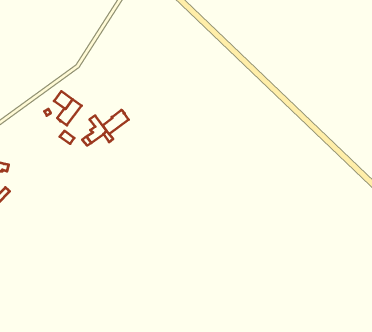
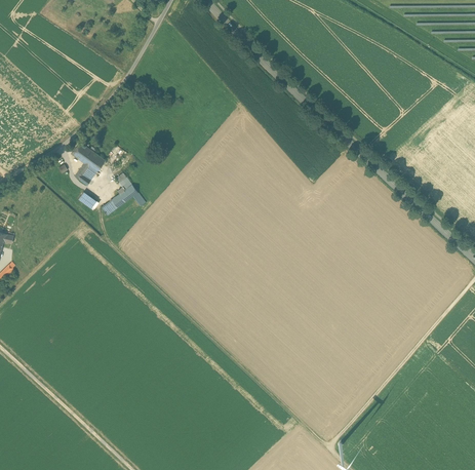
building: [103,110,129,134] -> none

